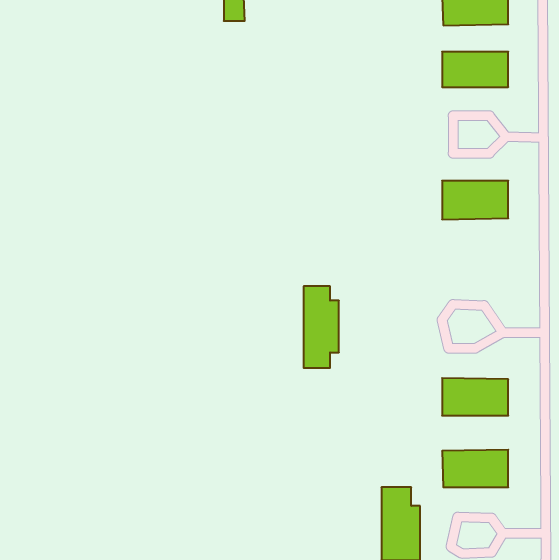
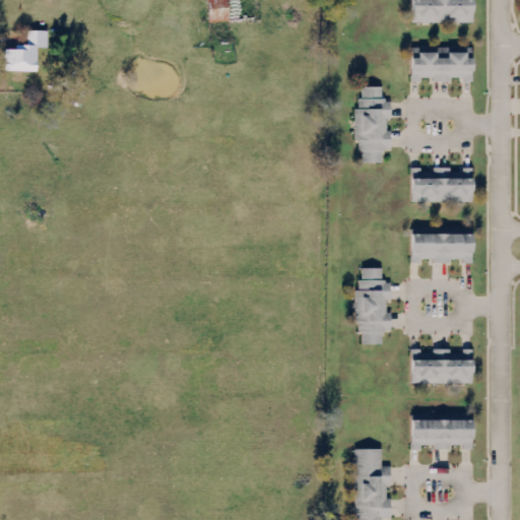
building: none -> [14,28,56,69]
building: none -> [359,86,391,162]
building: none -> [411,230,472,263]
building: [304,286,339,368] -> [359,268,391,343]

